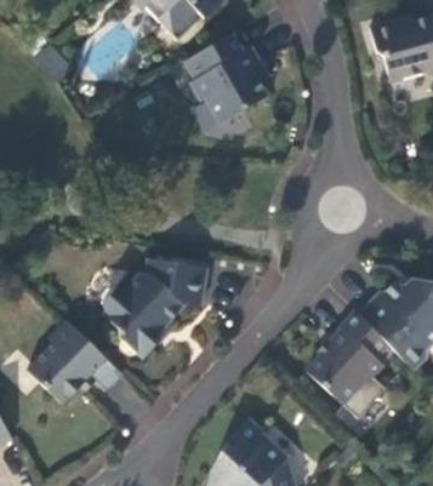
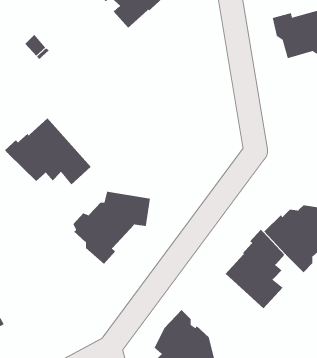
building: [184,33,268,122] -> none
building: none -> [4,118,92,185]
building: [27,319,123,404] -> none

